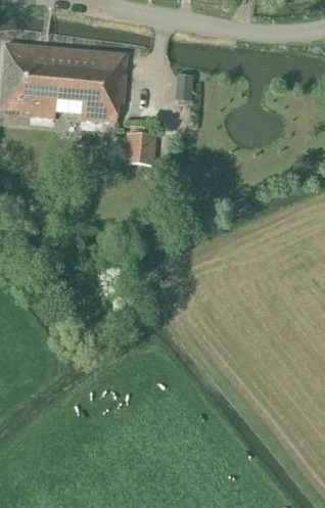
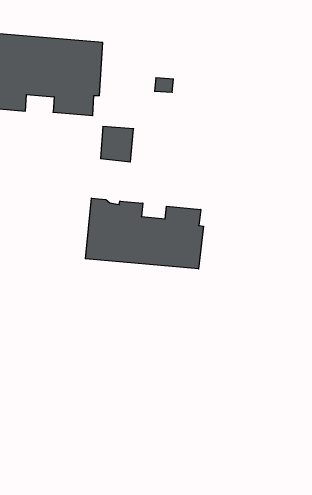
building: none -> [85,198,203,269]

